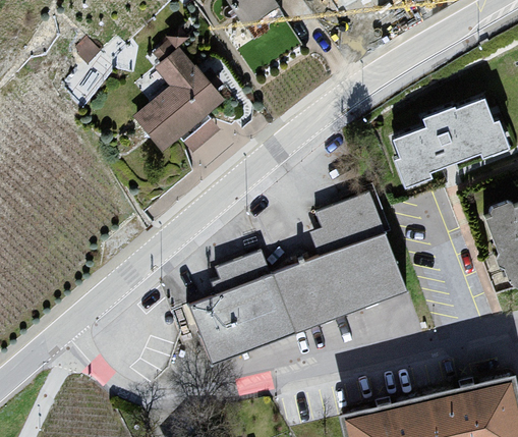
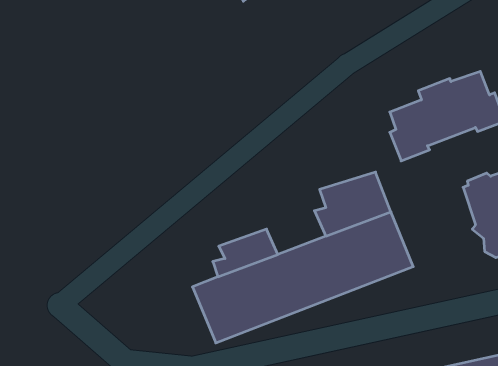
building: [134,47,221,149] -> none

